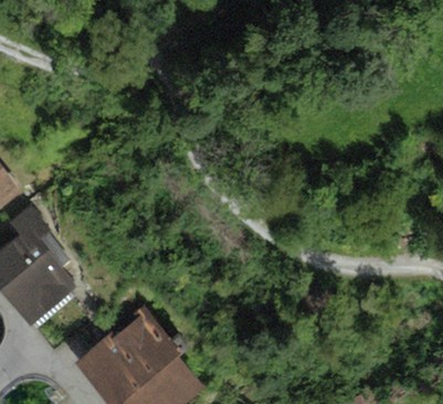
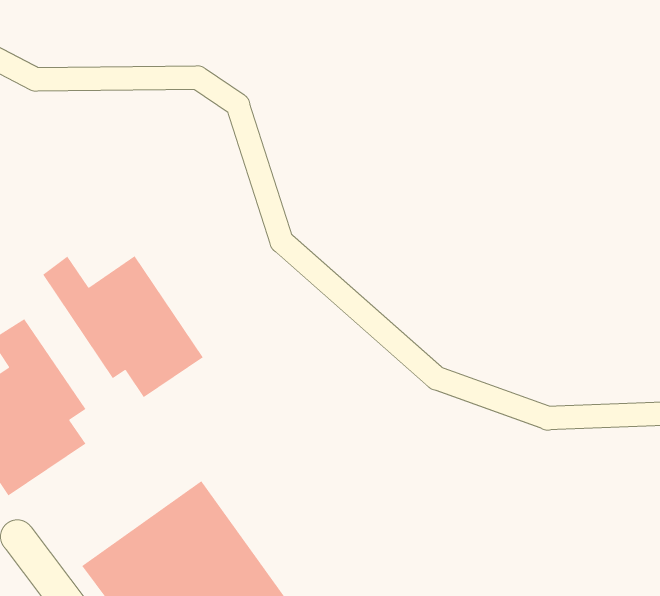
building: none -> [42,255,204,398]

